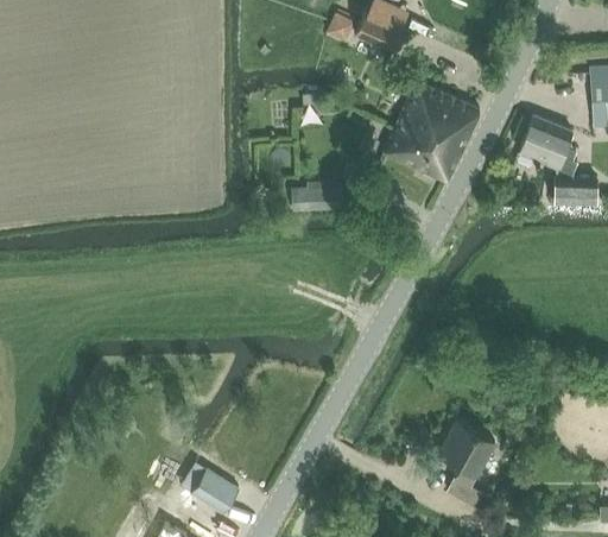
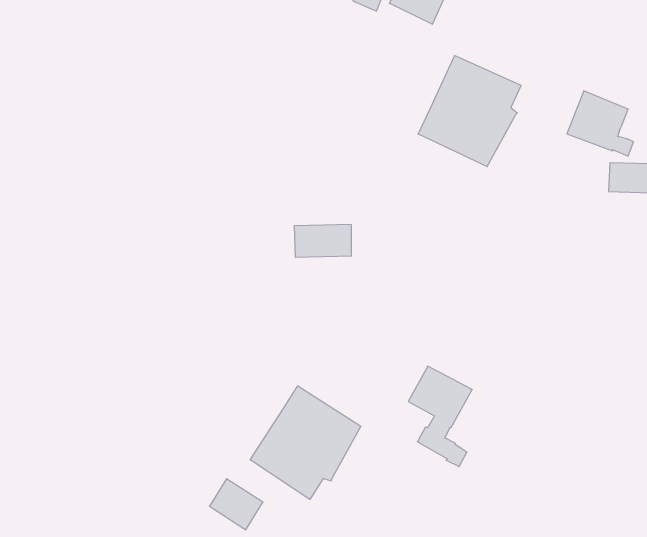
building: [291,182,343,211] -> [294,225,351,257]
building: none -> [250,386,361,499]
building: [438,422,496,513] -> [408,366,472,467]

